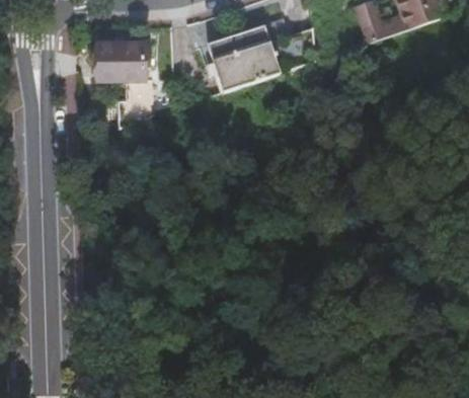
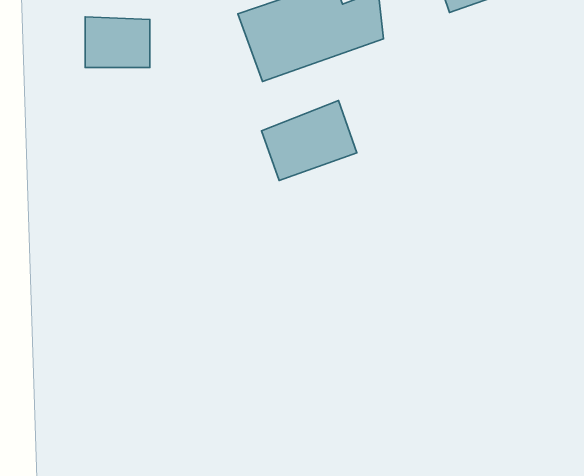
building: none -> [262,101,357,180]

